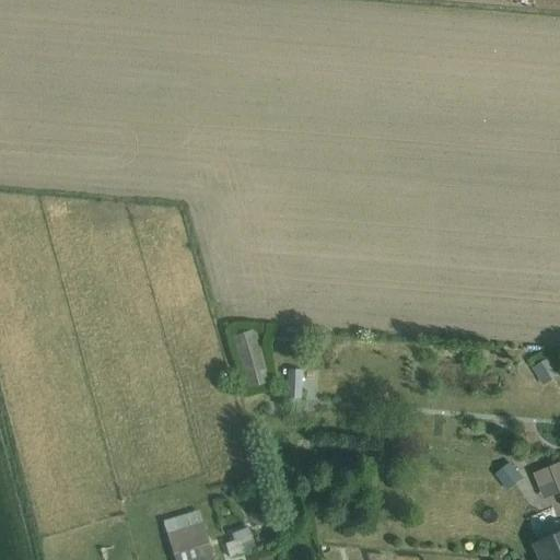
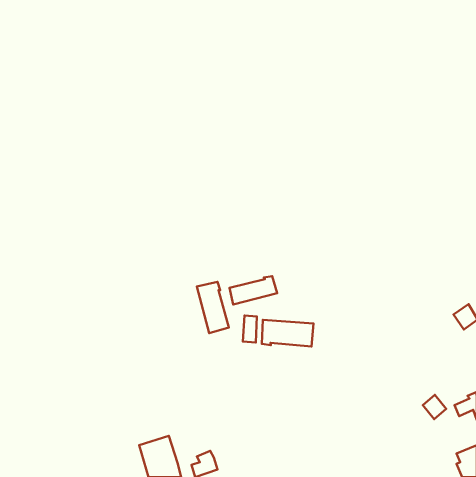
building: none -> [229,276,277,305]
building: none -> [262,320,314,347]

